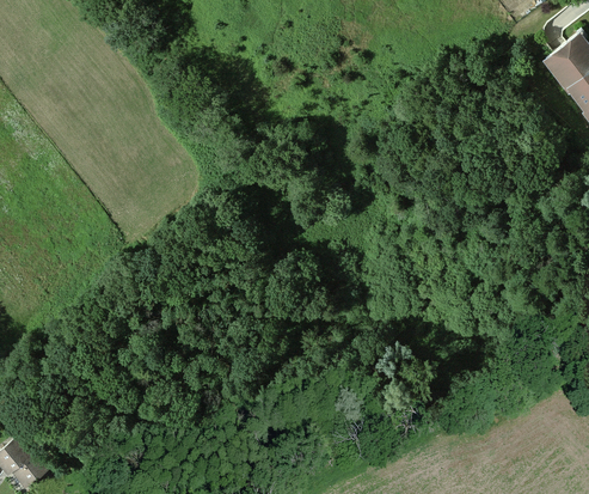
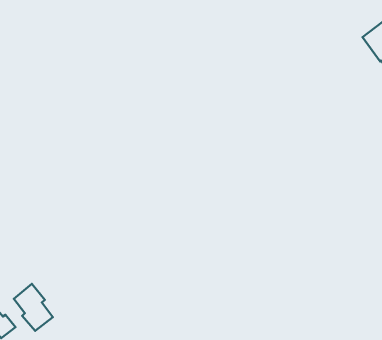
building: none -> [14,284,53,331]

